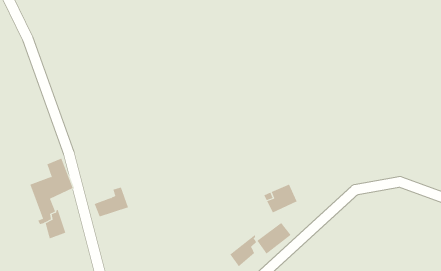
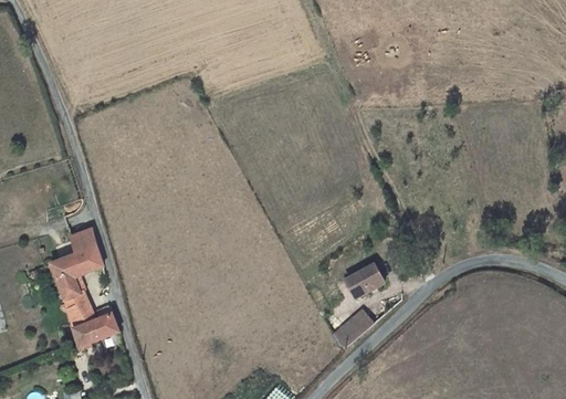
building: [94,187,129,217] -> [74,308,117,346]
building: [229,234,257,267] -> none

